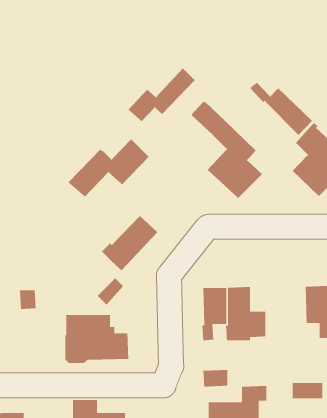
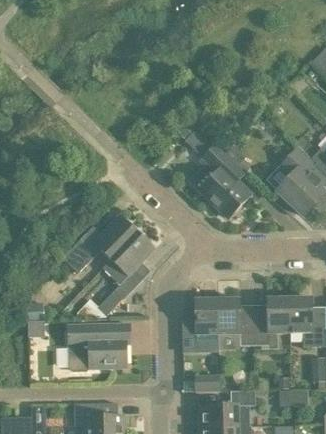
building: [128,67,195,122] -> none
building: [249,82,313,136] -> none
building: [67,138,149,198] -> [62,215,138,270]
building: none -> [255,298,292,349]

